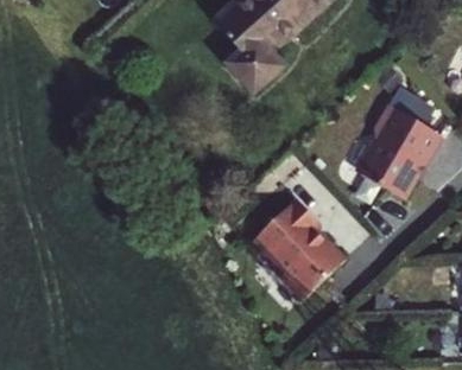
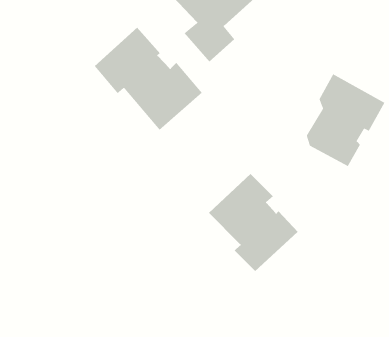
building: none -> [94,27,203,131]

